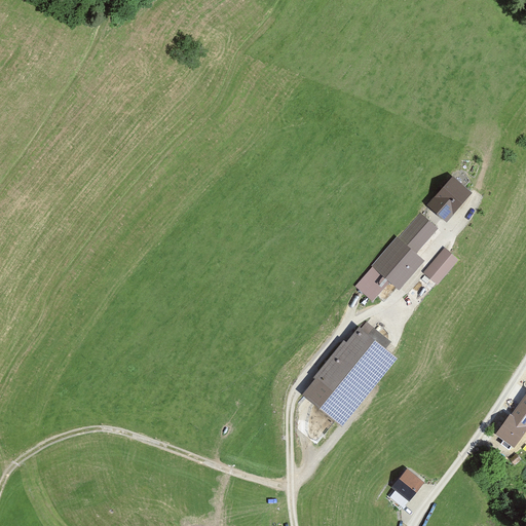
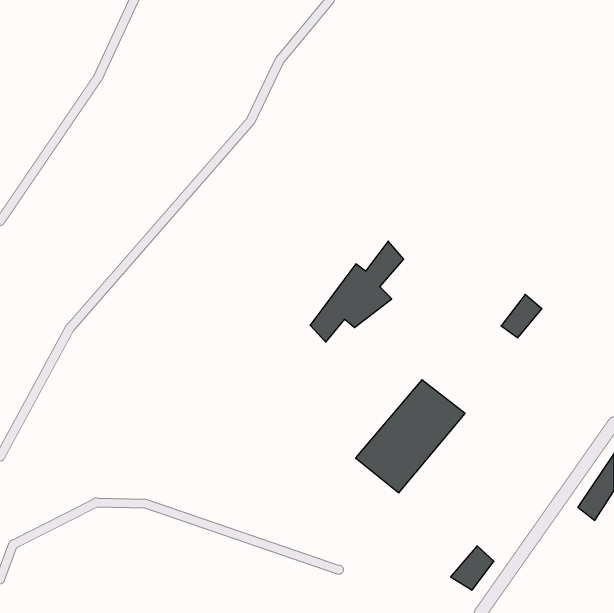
building: [428,178,475,222] -> none
building: [358,215,438,301] -> [310,241,404,342]

